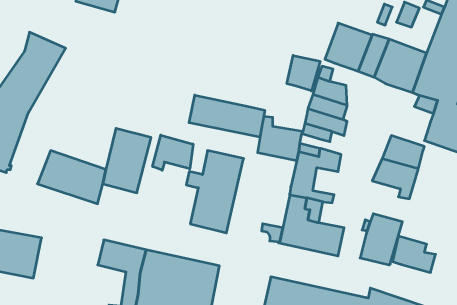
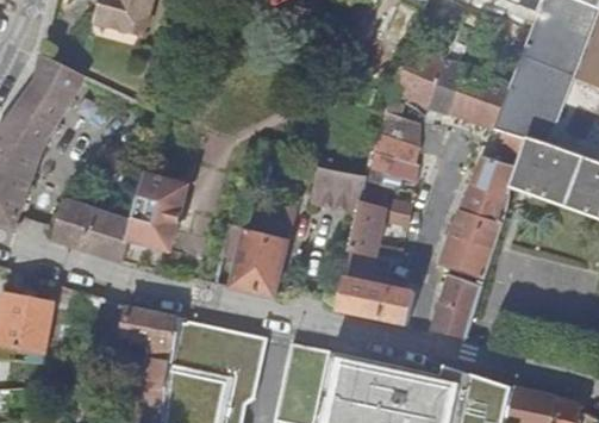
building: [287,55,320,91] -> none
building: [189,95,265,137] -> none
building: none -> [469,155,516,195]
building: [153,135,193,170] -> none
building: [392,236,436,272] -> [439,236,491,279]

